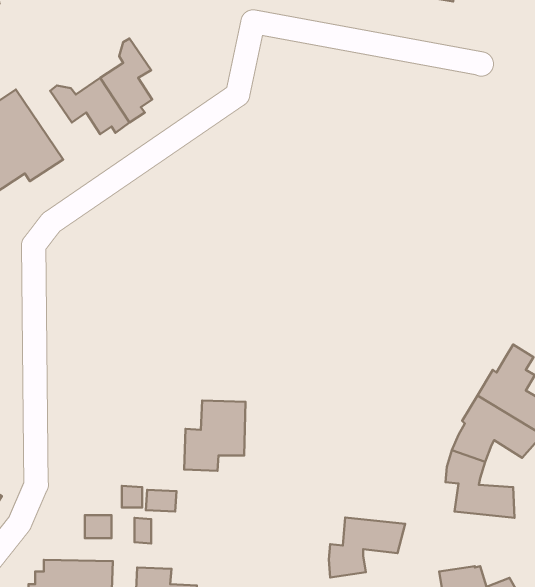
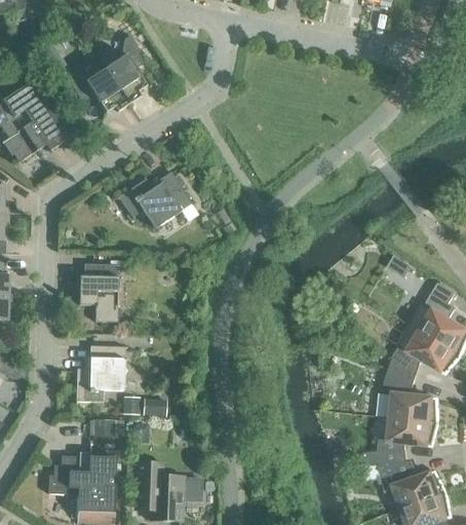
building: none -> [116,171,192,228]
building: none -> [78,263,118,322]
building: [184,401,245,471] -> [75,345,124,402]
building: [329,517,405,577] -> [377,416,438,464]

